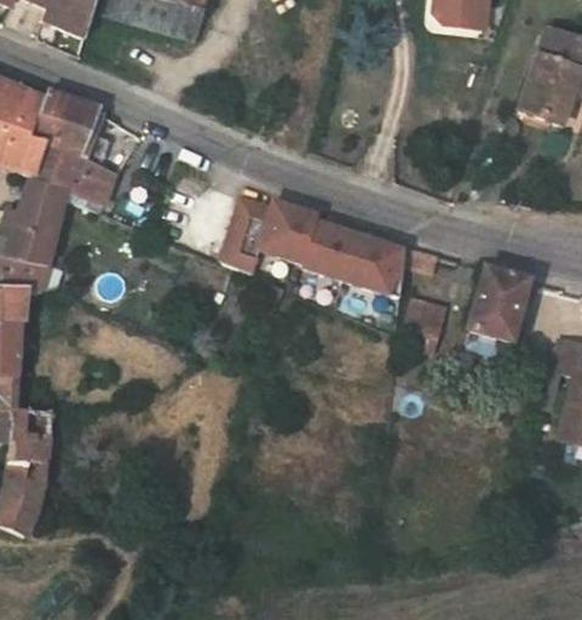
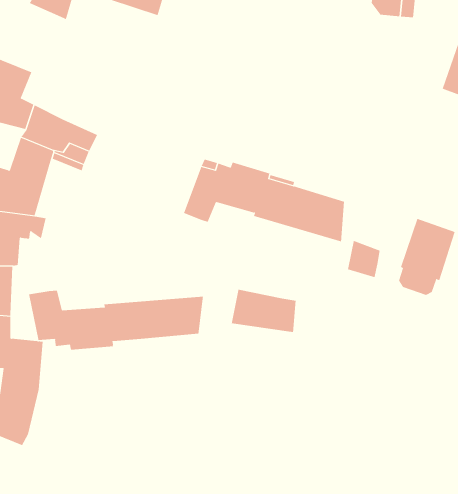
building: [30,88,90,150] -> none
building: none -> [231,289,296,333]
building: none -> [29,290,204,350]

